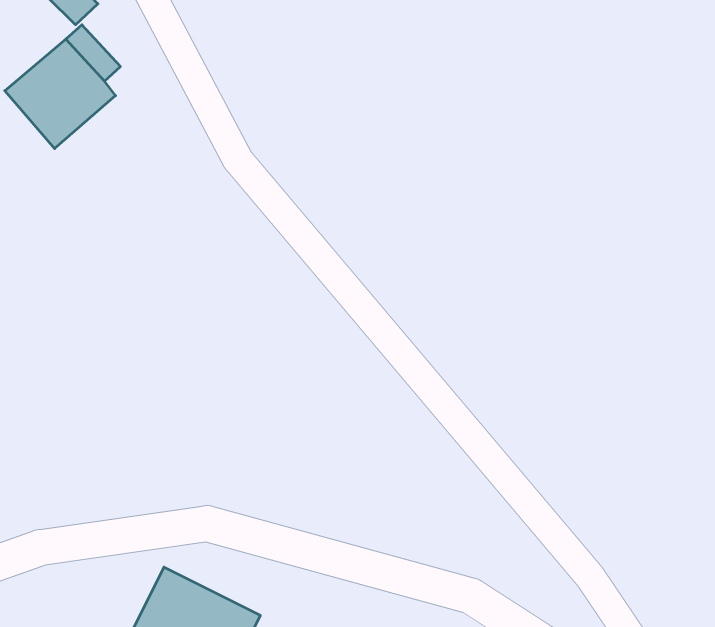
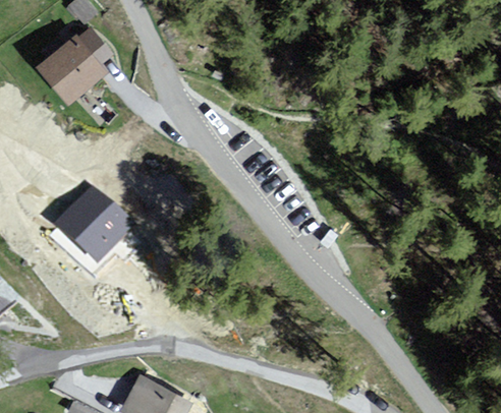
building: none -> [52,197,127,272]

